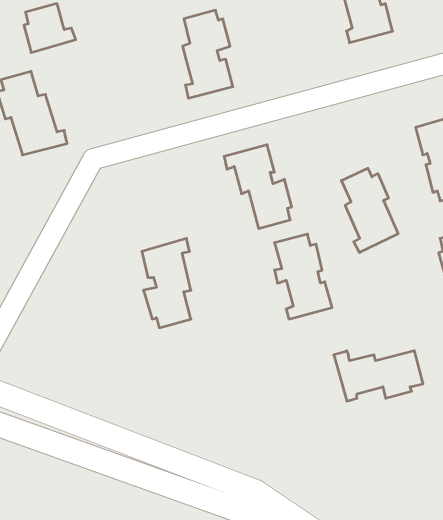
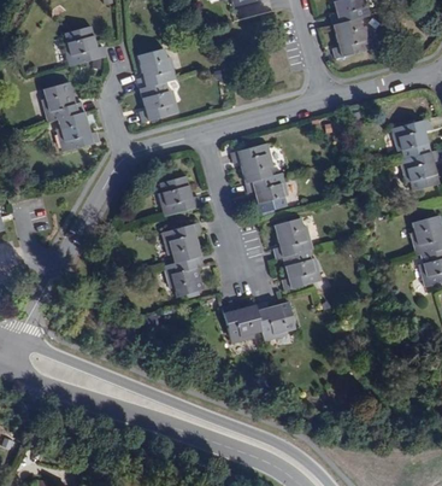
building: [183,10,233,98] -> [137,48,179,122]
building: [341,168,398,253] -> none
building: none -> [158,176,202,216]
building: [334,351,423,401] -> [222,301,296,344]

